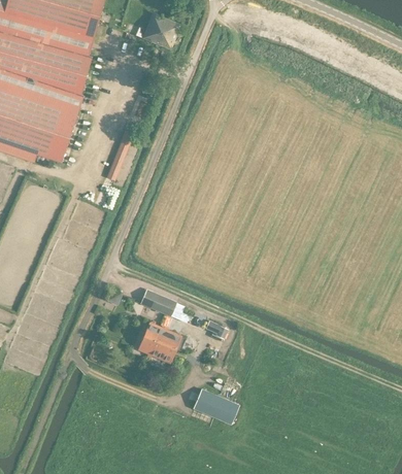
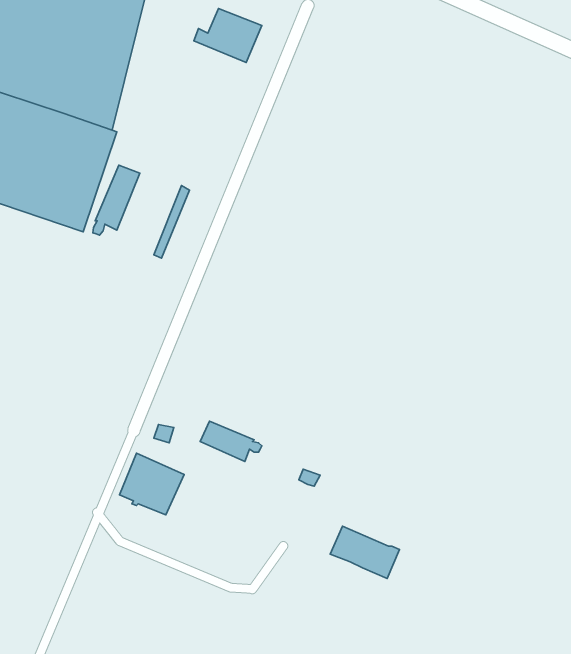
building: none -> [93,165,140,235]
building: [138,323,181,364] -> [120,453,184,515]
building: [193,391,239,426] -> [330,526,399,579]

